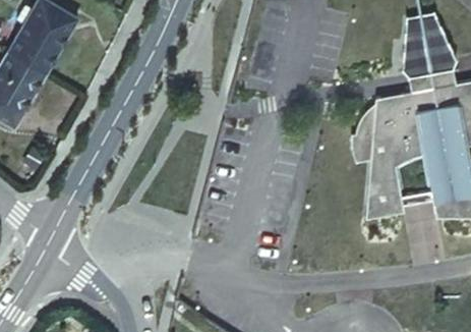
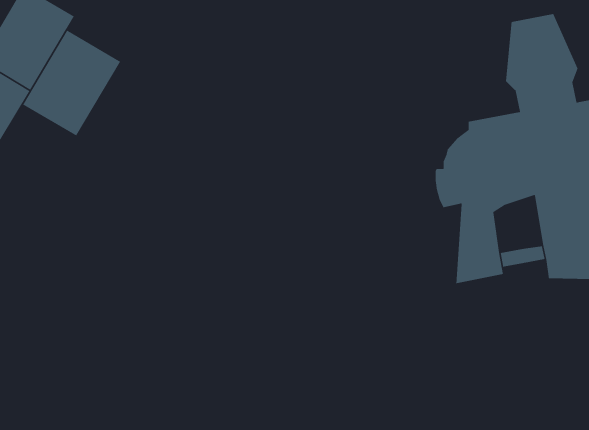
building: none -> [22,29,121,137]

